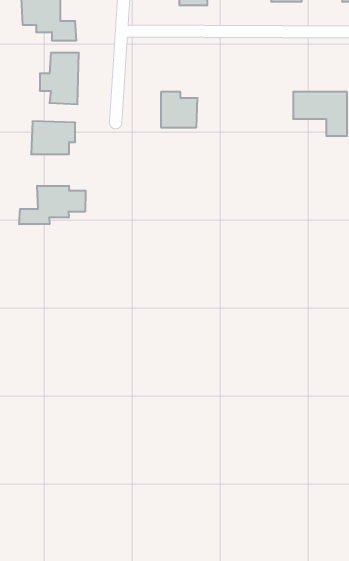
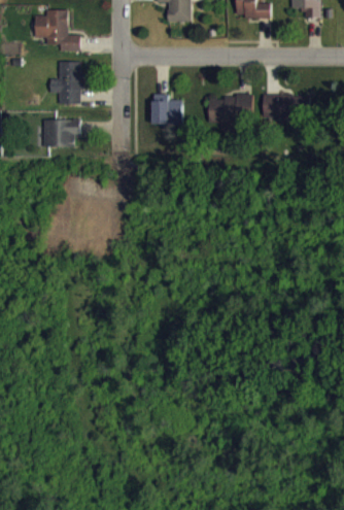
building: none -> [209,96,252,123]
building: [19,186,86,224] -> none

